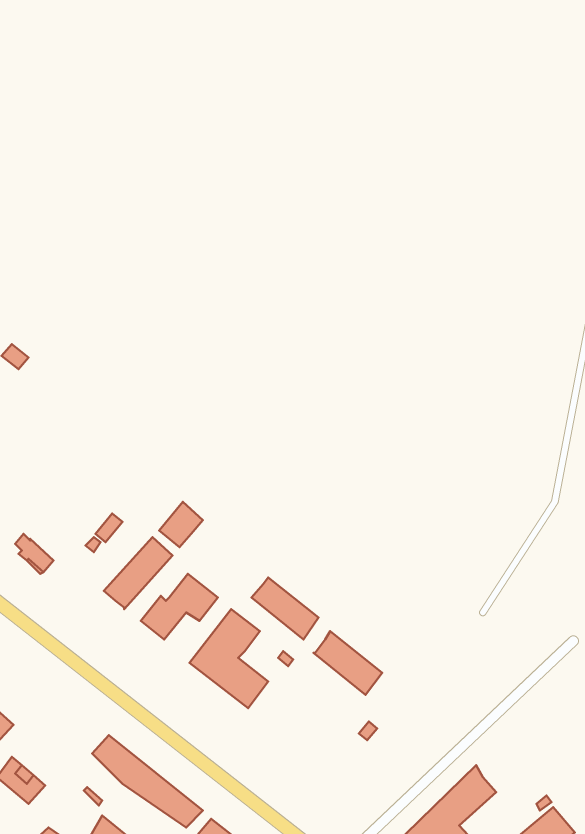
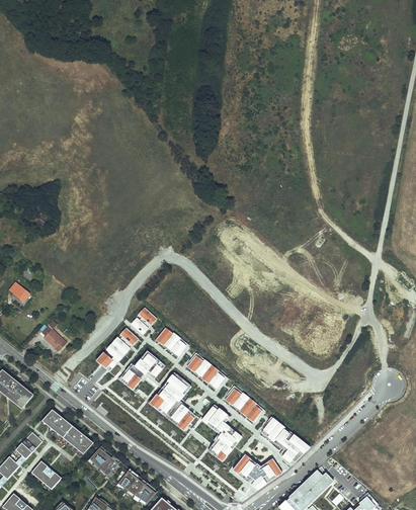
building: none -> [155,328,186,356]
building: none -> [201,405,241,460]
building: none -> [43,410,92,454]
building: none -> [260,417,309,463]
building: none -> [232,454,281,489]

